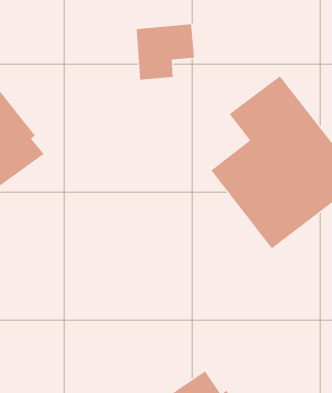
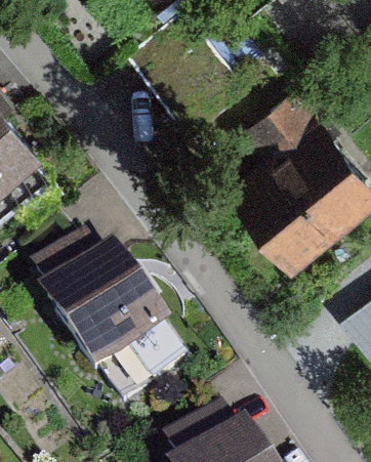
building: none -> [36,237,171,384]

